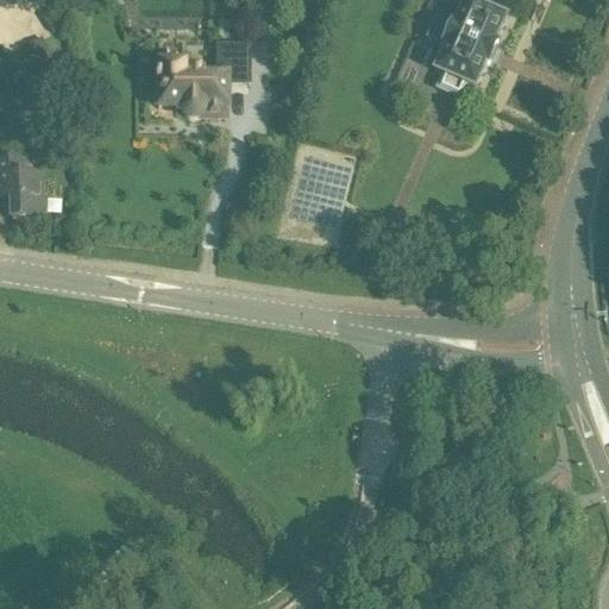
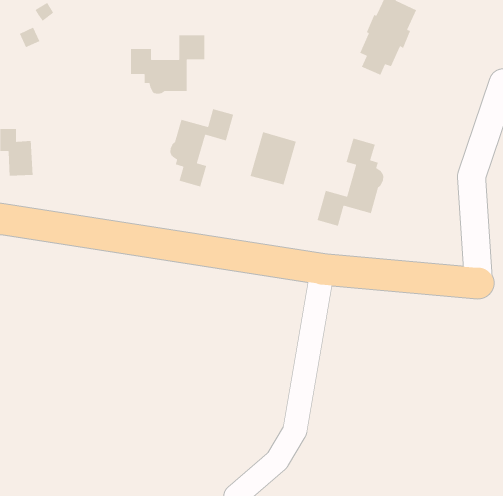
building: none -> [169,108,234,188]
building: none -> [316,138,384,227]

